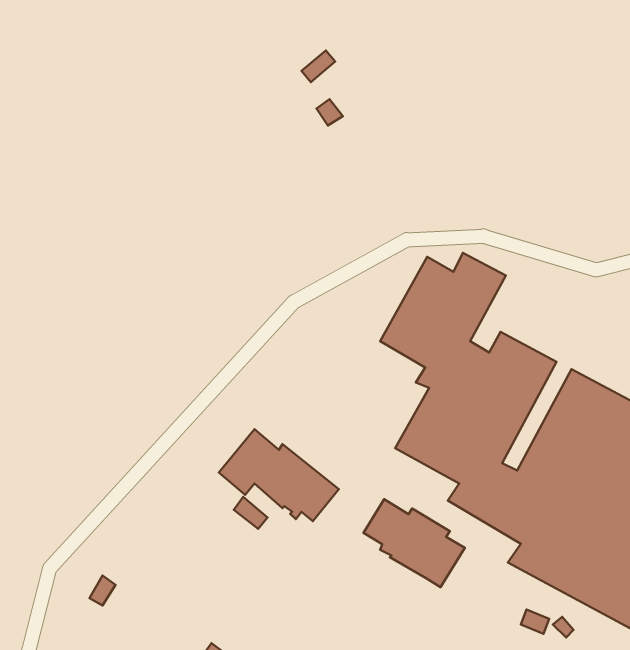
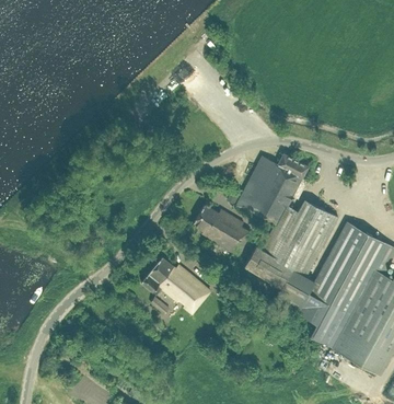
building: [363,499,465,587] -> [193,205,252,256]

